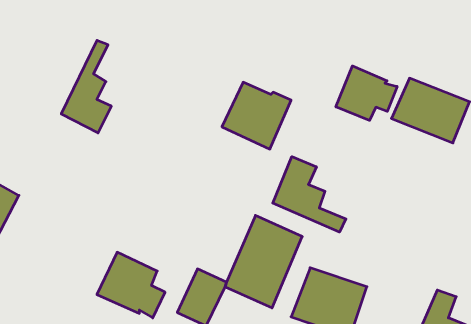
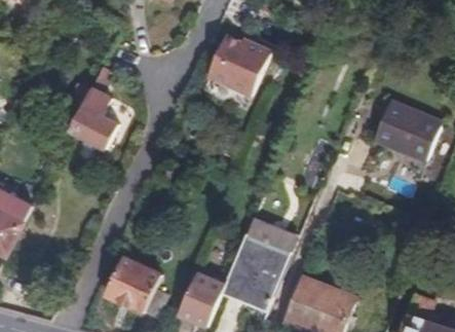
building: [336,66,397,120] -> none
building: [222,82,291,149] -> [204,34,268,96]
building: [273,157,346,232] -> none

